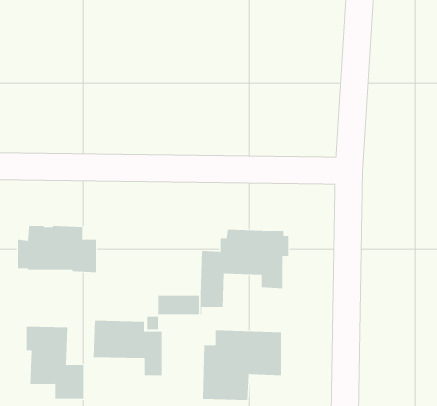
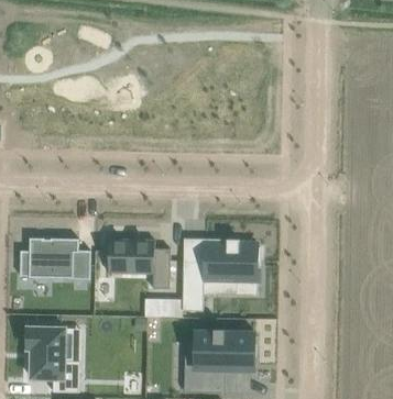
building: [93,320,162,376] -> [107,239,168,288]

